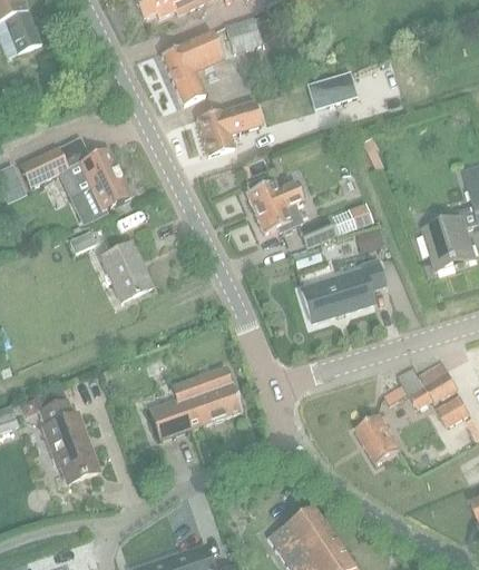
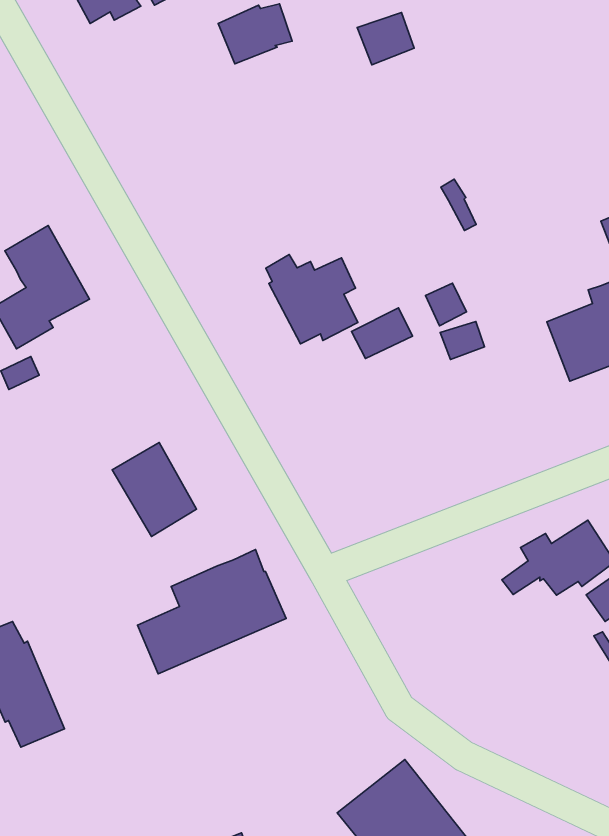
building: [160,32,222,105] -> none
building: [320,72,355,105] -> [357,13,414,65]
building: [197,102,261,155] -> none
building: [99,240,151,301] -> [112,442,196,537]
building: [301,258,385,322] -> none
building: [355,413,401,463] -> none

